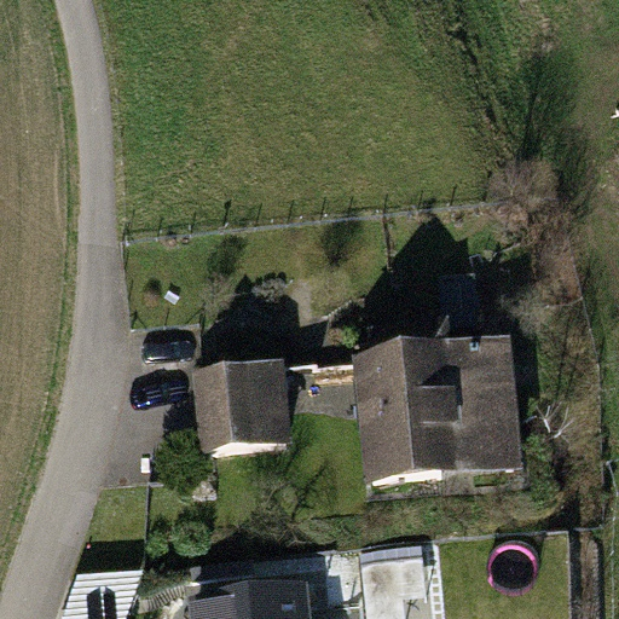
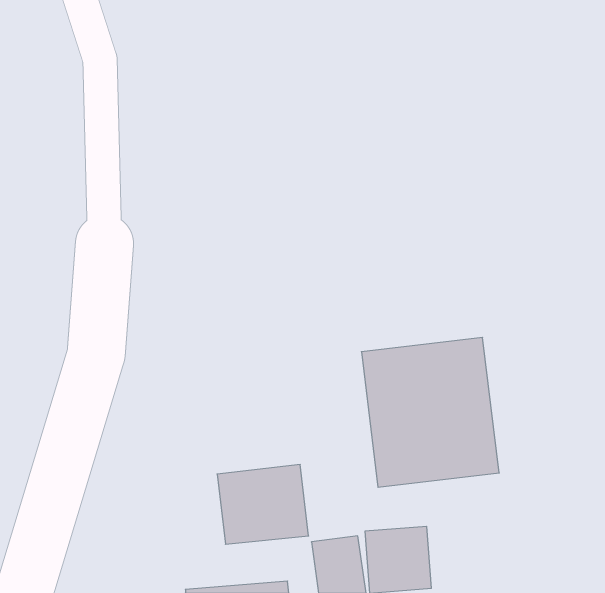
building: [193,355,287,436] -> [217,465,309,544]

